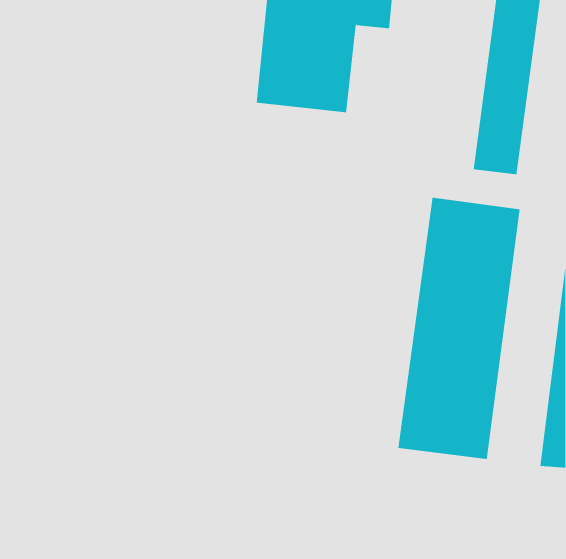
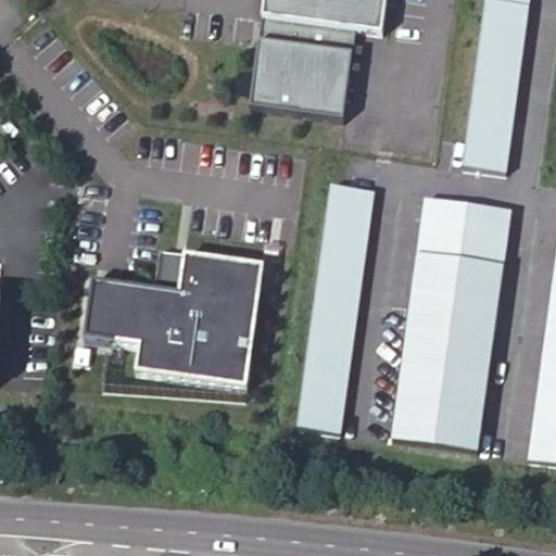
building: none -> [296,182,377,434]
building: none -> [76,253,262,389]

